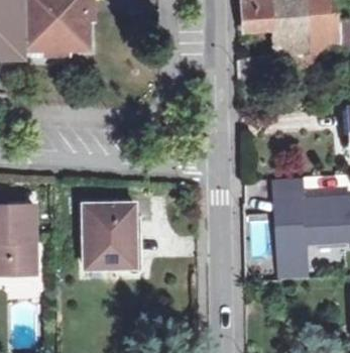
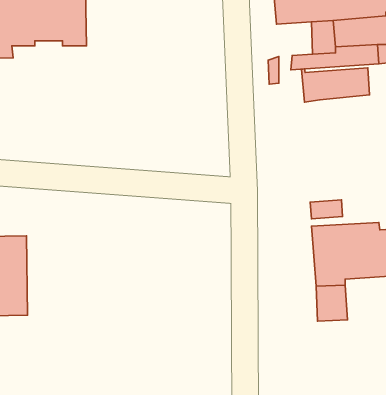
building: none -> [302,68,370,102]
building: [85,204,135,266] -> none

